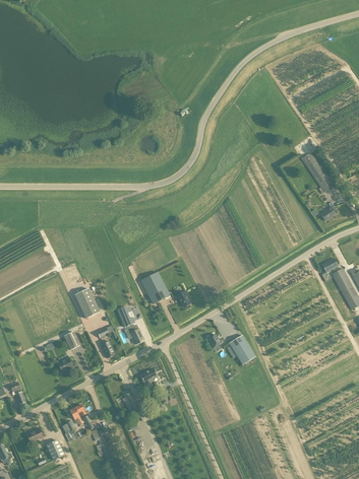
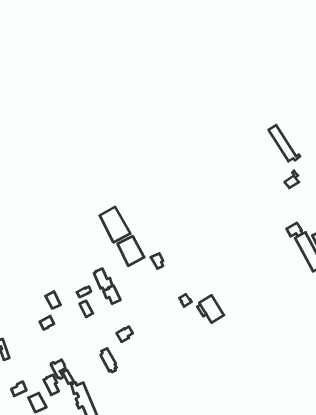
building: none -> [100,207,130,242]
building: [72,287,98,317] -> none

